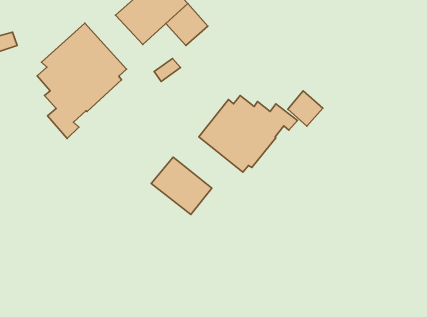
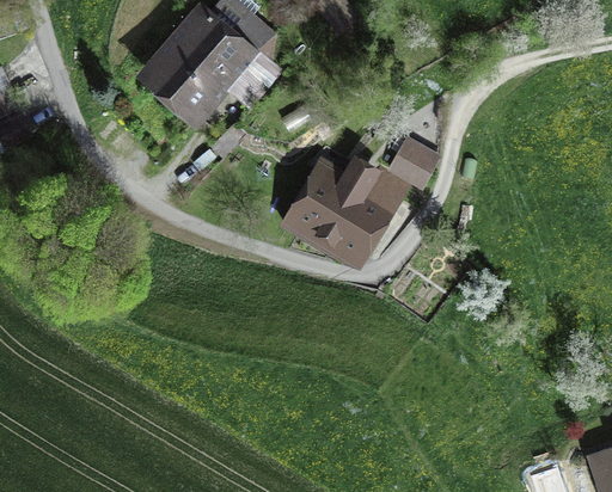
building: [37,23,127,138] -> none
building: [151,157,212,214] -> none

